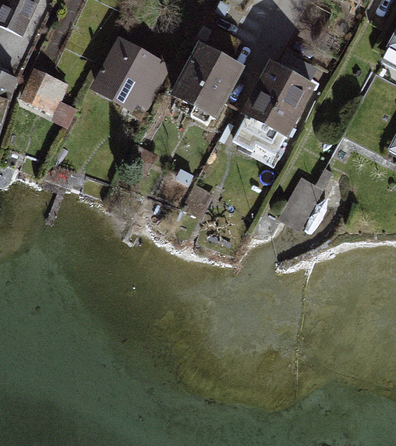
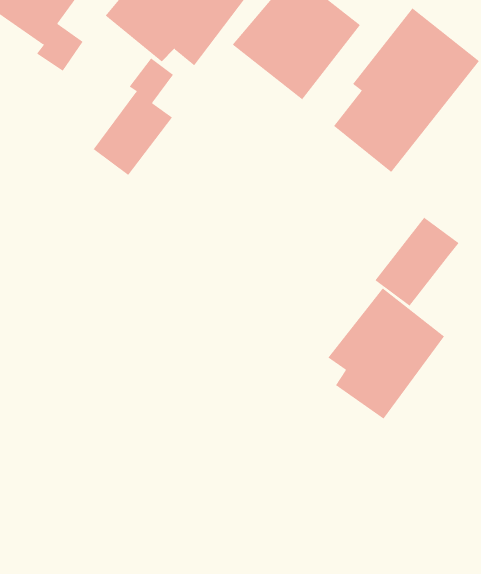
building: none -> [93,57,174,176]
building: none -> [328,287,445,419]

